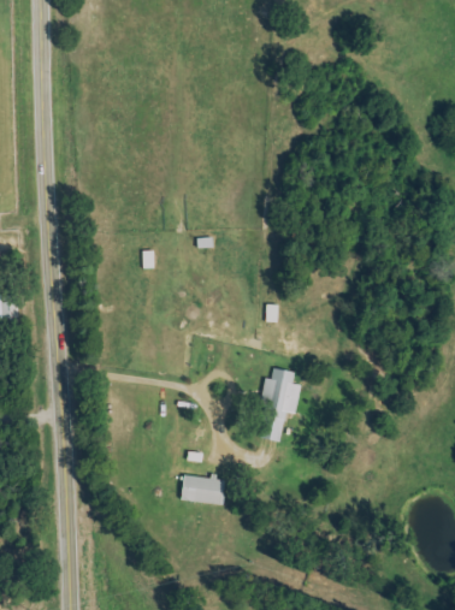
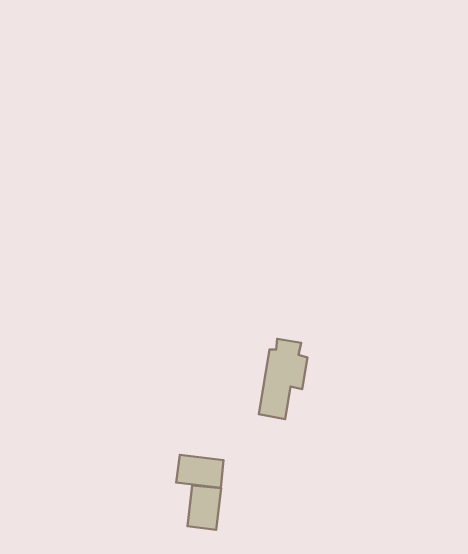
building: none -> [188,486,221,530]

